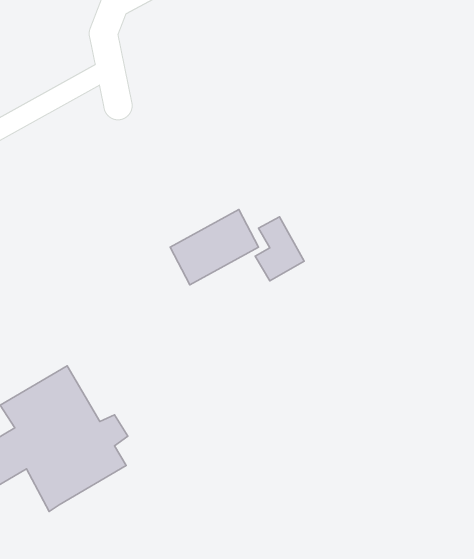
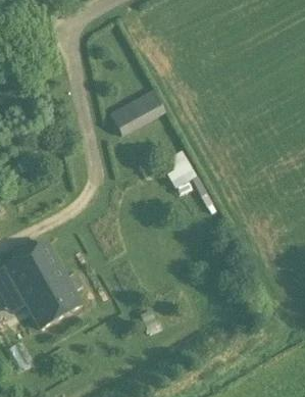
building: [170,210,258,285] -> [111,87,166,134]

